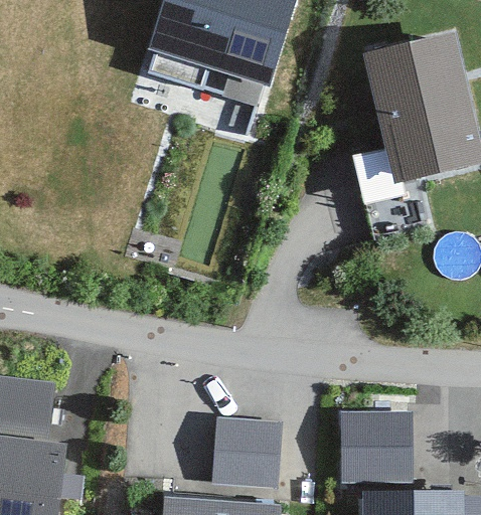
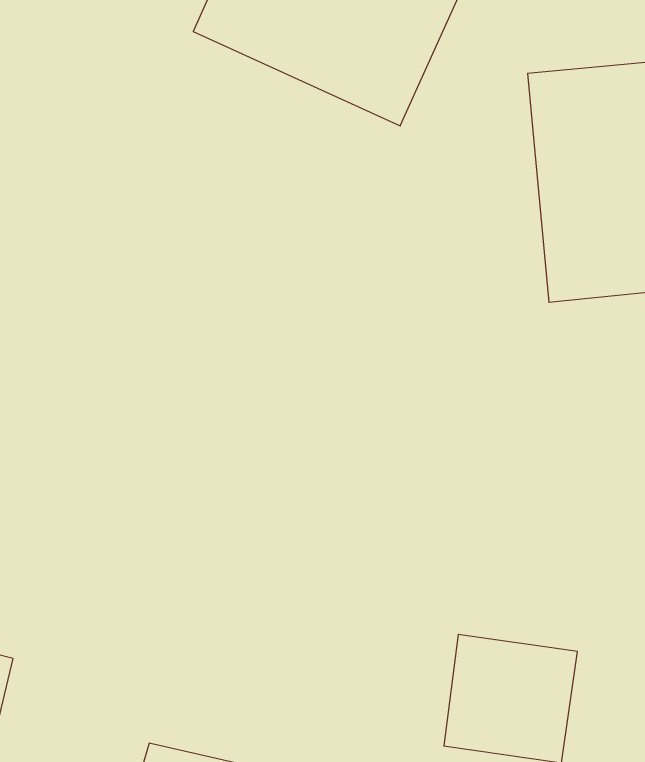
building: [216,411,284,481] -> none

